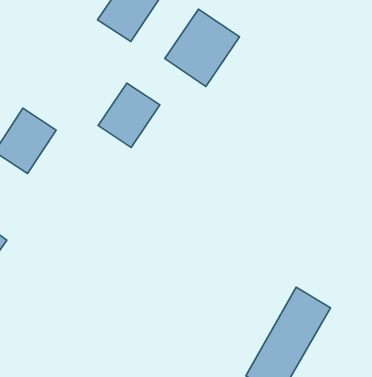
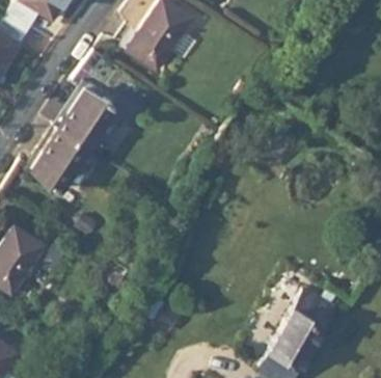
building: [165,9,239,86] -> none
building: [98,83,160,147] -> [58,90,114,149]

